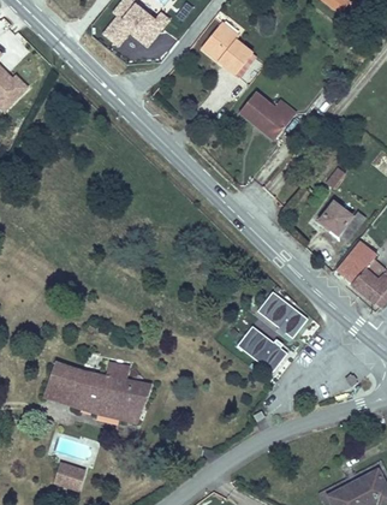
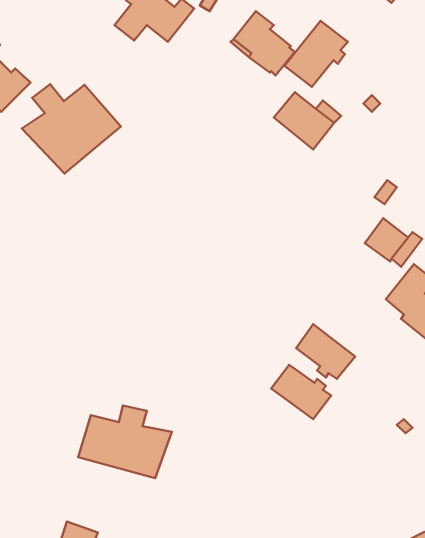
building: none -> [284,21,348,87]
building: none -> [22,84,121,174]
building: [44,361,82,405] -> none

